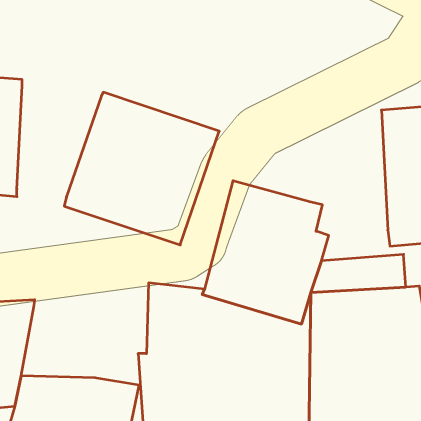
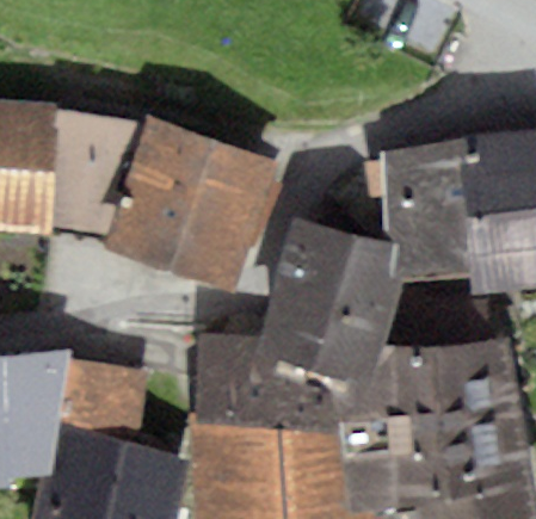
building: none -> [50,111,146,236]
building: none -> [369,138,470,280]
building: none -> [55,362,147,441]

